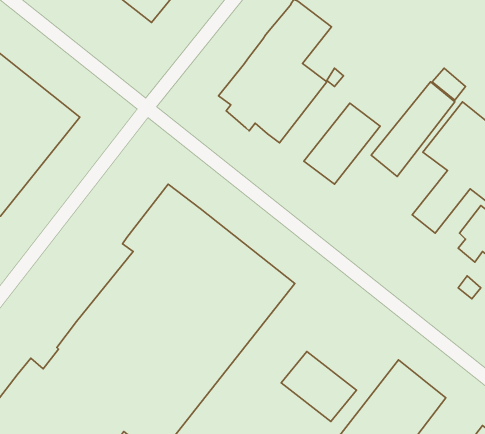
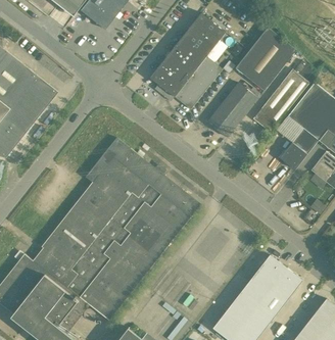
building: none -> [235,28,295,91]
building: [281,351,356,422] -> none

